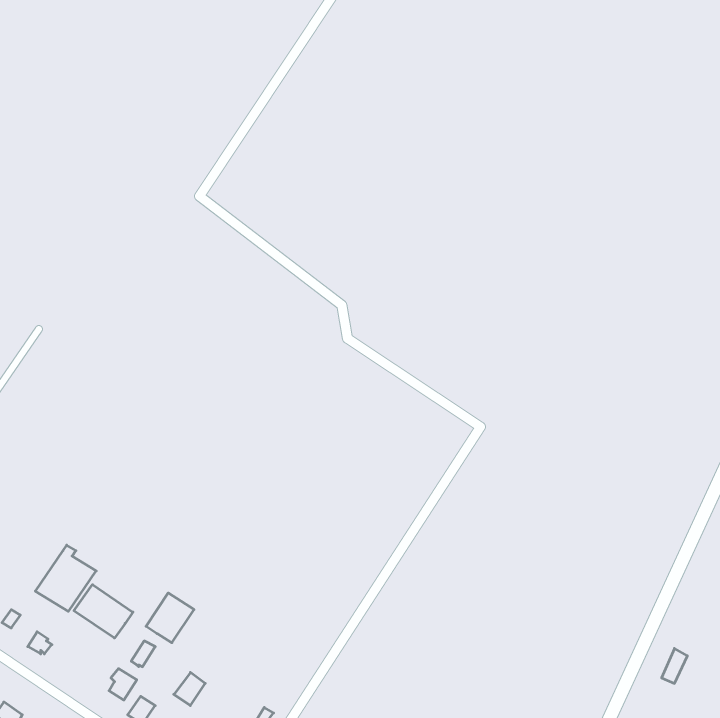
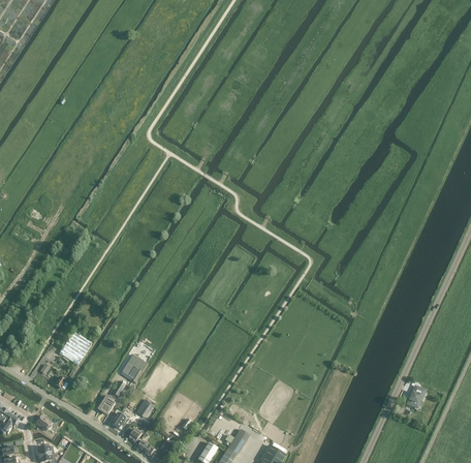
building: [74,585,133,638] -> none

